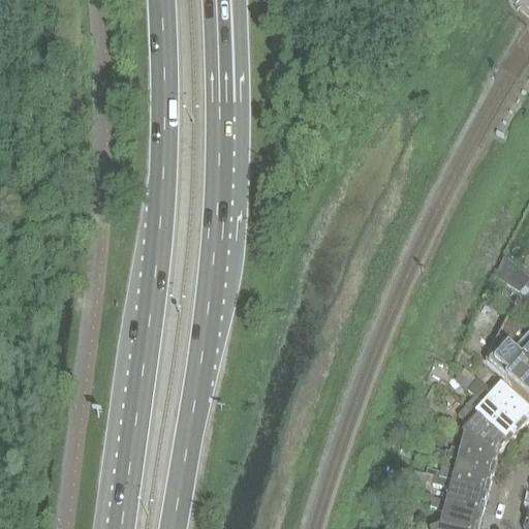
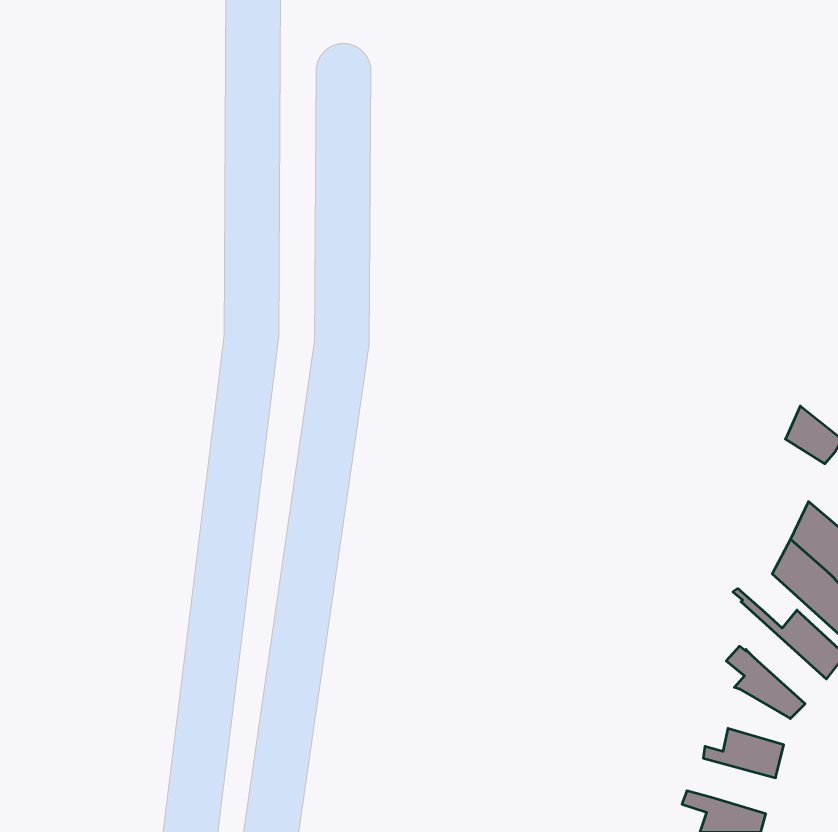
building: [463,378,521,442] -> none
building: [448,433,498,468] -> none
building: [441,476,489,511] -> none

